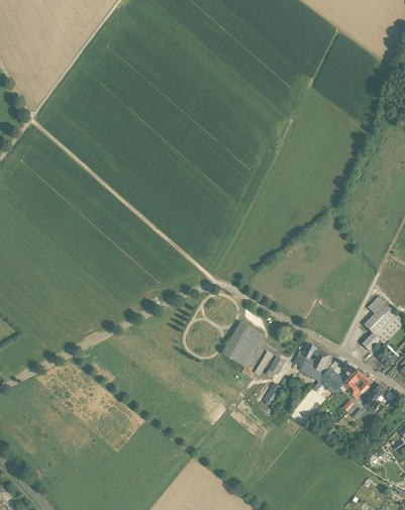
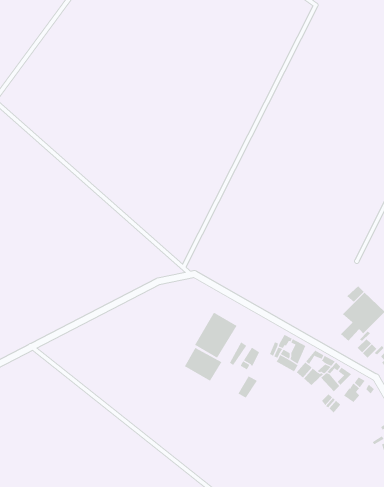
building: none -> [184,347,222,382]

